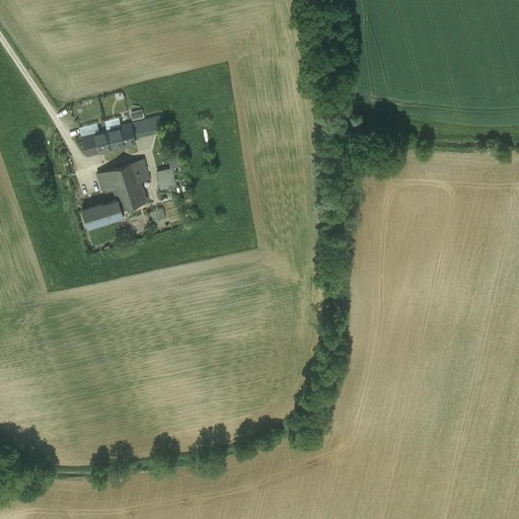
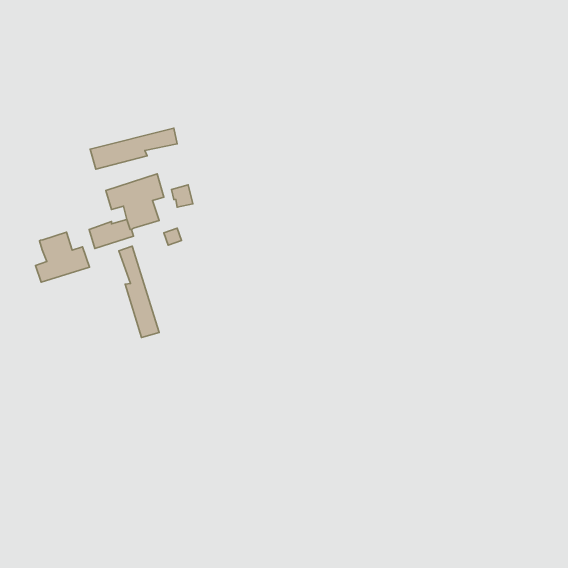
building: none -> [36,232,90,282]
building: none -> [119,246,159,337]

